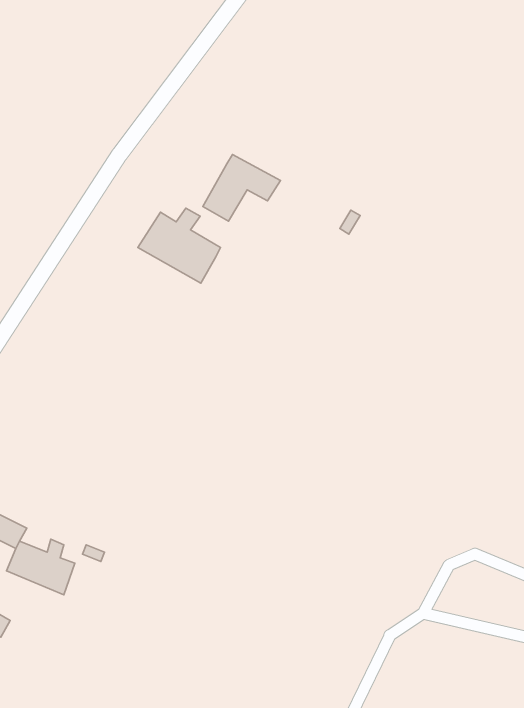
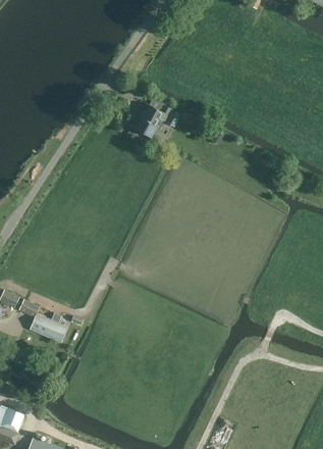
building: [138,208,220,283] -> none

